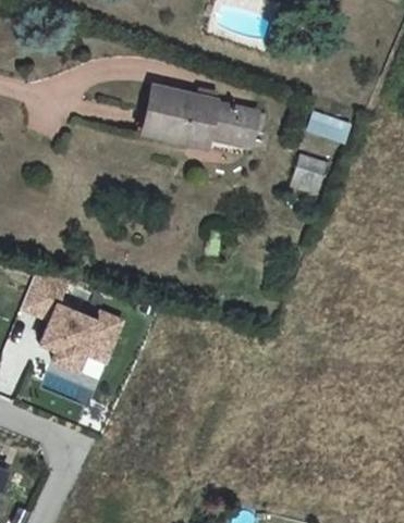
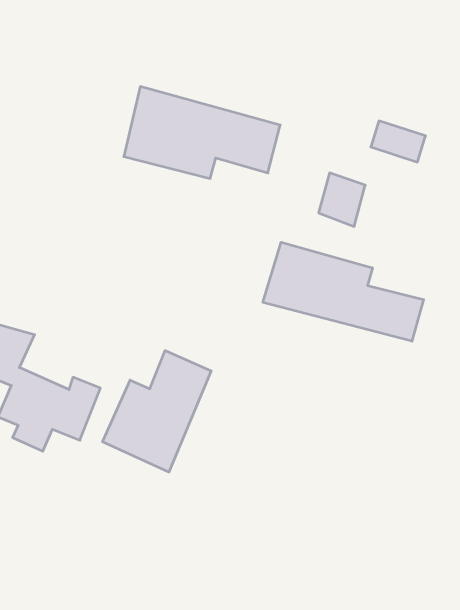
building: none -> [263,242,424,341]
building: none -> [103,351,211,472]

